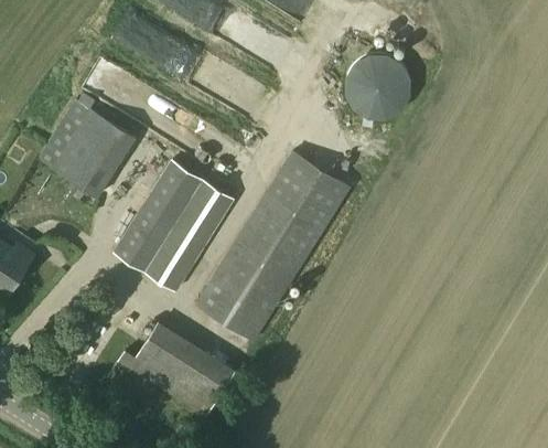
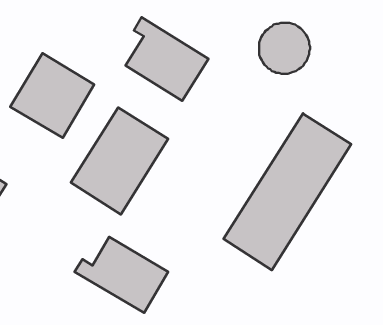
building: none -> [125,17,209,101]
building: [193,149,351,343] -> [224,113,351,270]

